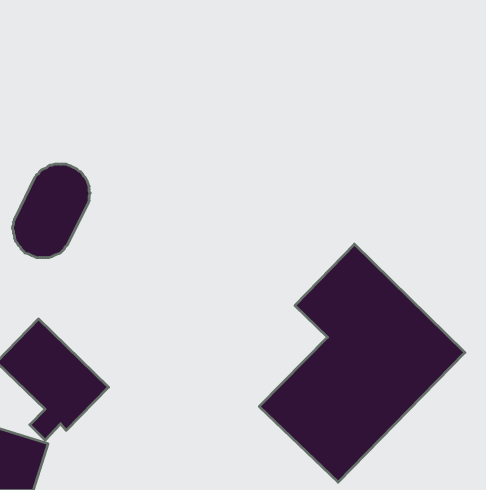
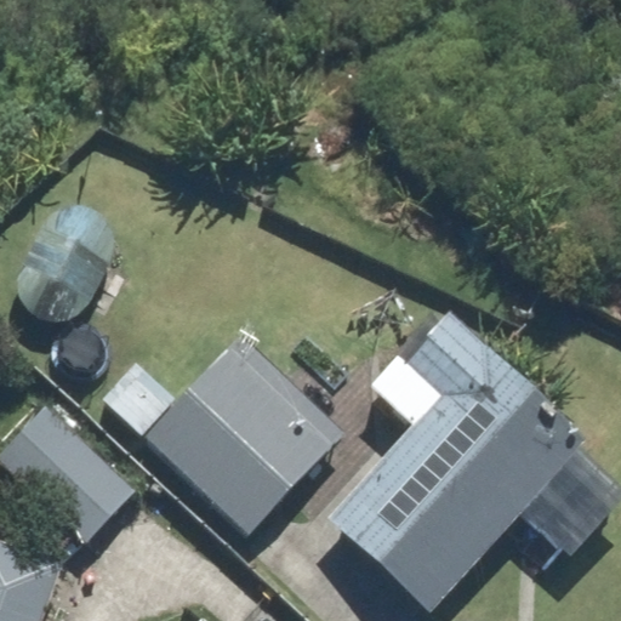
building: none -> [102,340,343,539]

